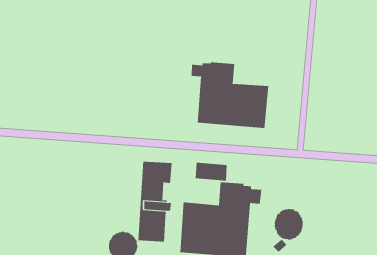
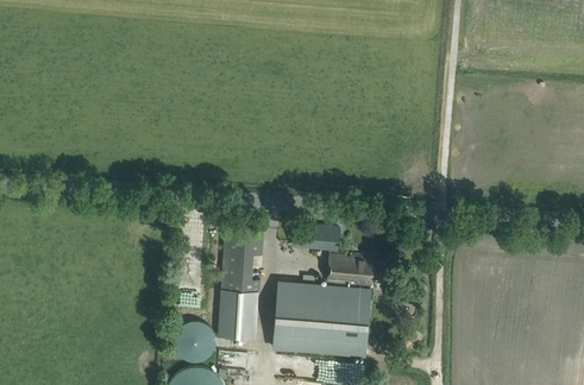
building: [191,61,269,129] -> none
building: [274,208,303,240] -> none

